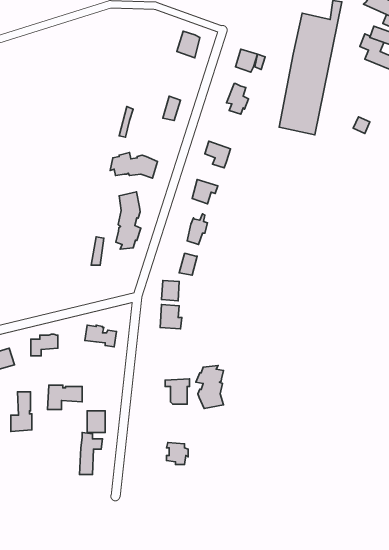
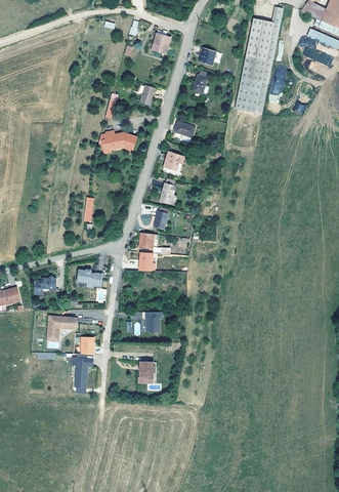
building: [116,192,141,249] -> none
building: [196,366,224,408] -> none
building: [11,392,32,431] -> none

